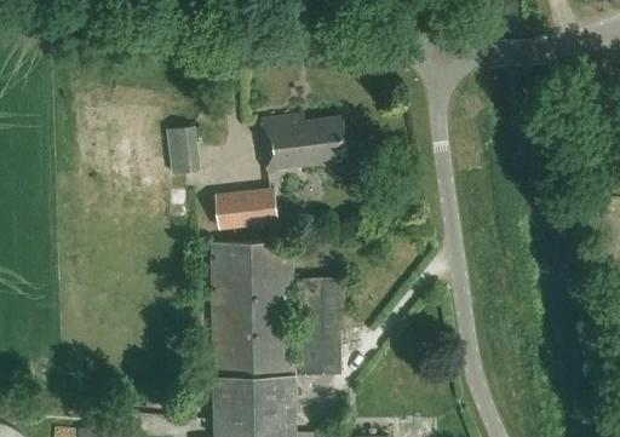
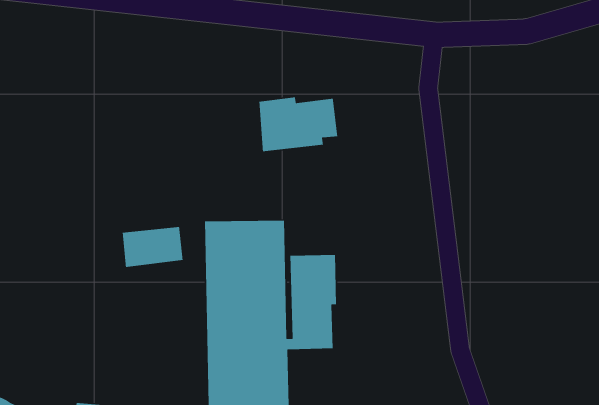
building: [166,126,199,174] -> none
building: [214,188,277,230] -> [122,226,183,268]

